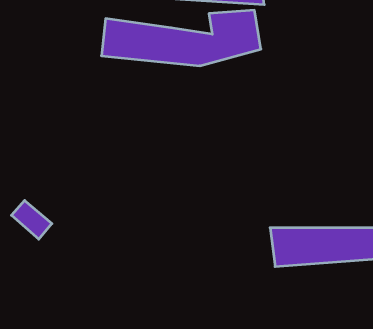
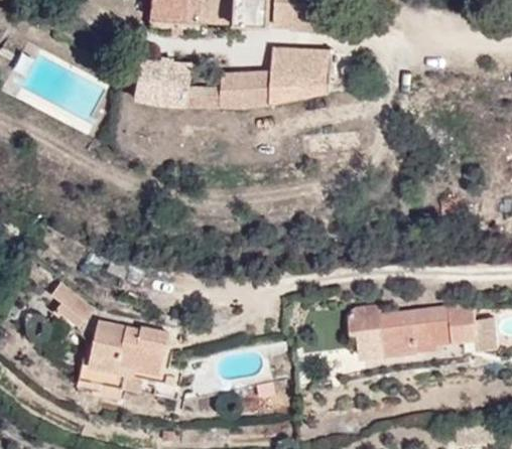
building: none -> [94,311,188,397]

